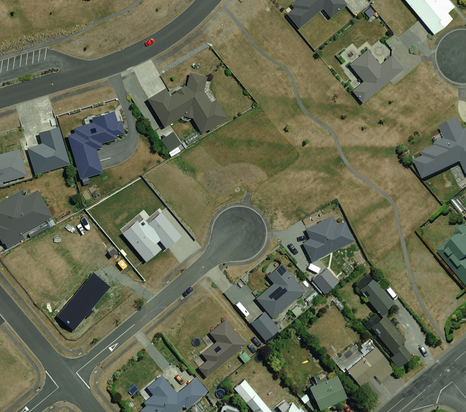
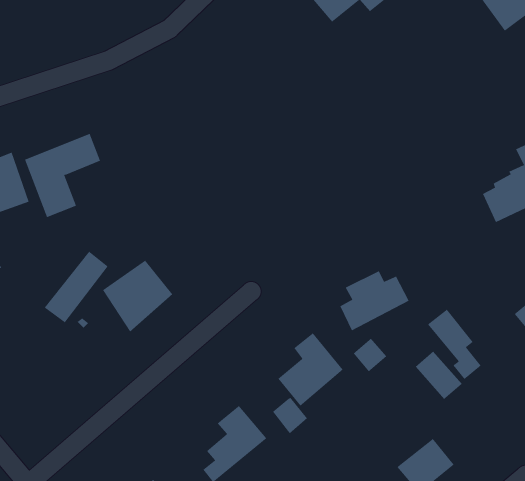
building: [344,49,398,101] -> none
building: [146,71,228,129] -> none
building: [58,273,107,328] -> [44,251,109,323]
building: [372,315,413,369] -> [427,309,481,380]

